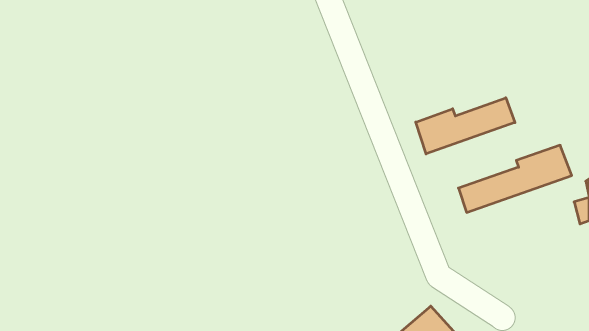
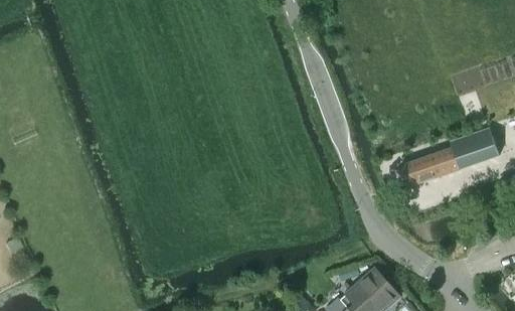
building: [416,98,515,154] -> none

